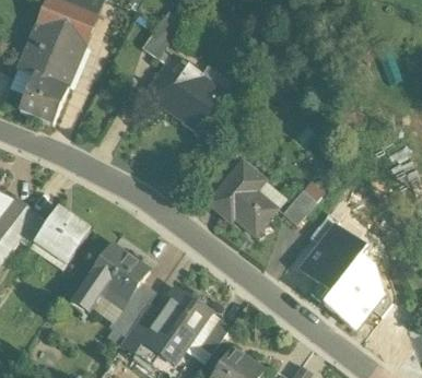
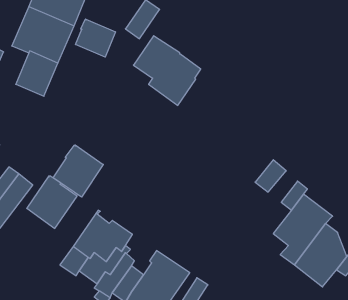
building: none -> [76,19,115,57]
building: [208,161,276,233] -> none
building: none -> [53,145,103,197]

